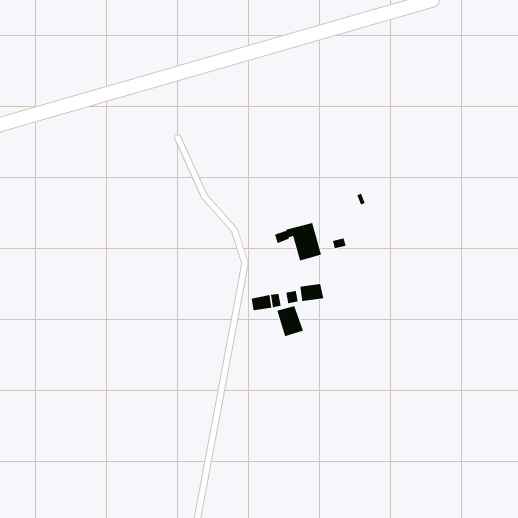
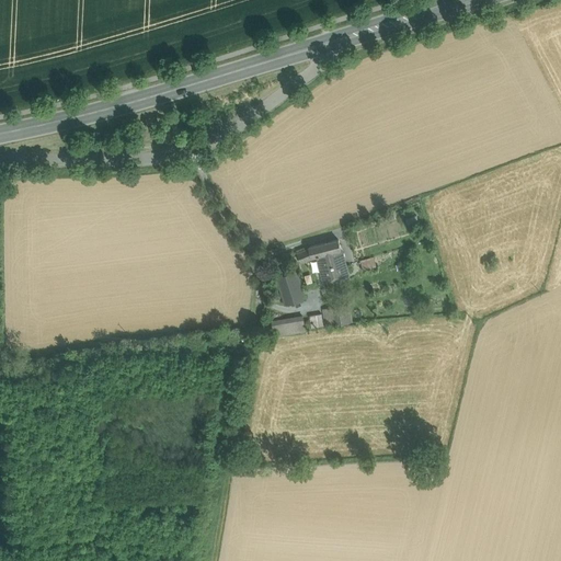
building: [276,305,304,337] -> [275,272,305,306]

